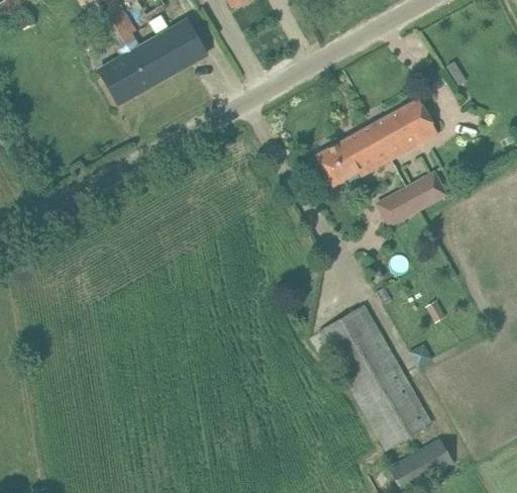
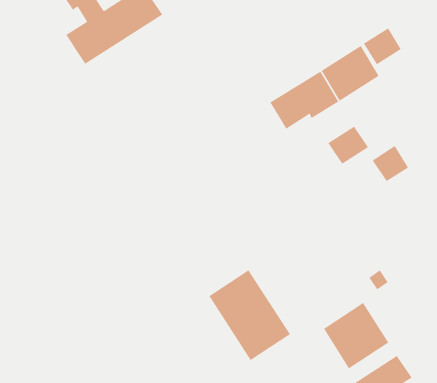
building: none -> [363,27,402,65]
building: [407,170,446,209] -> [372,145,409,182]
building: [319,304,406,403] -> [209,270,291,361]

